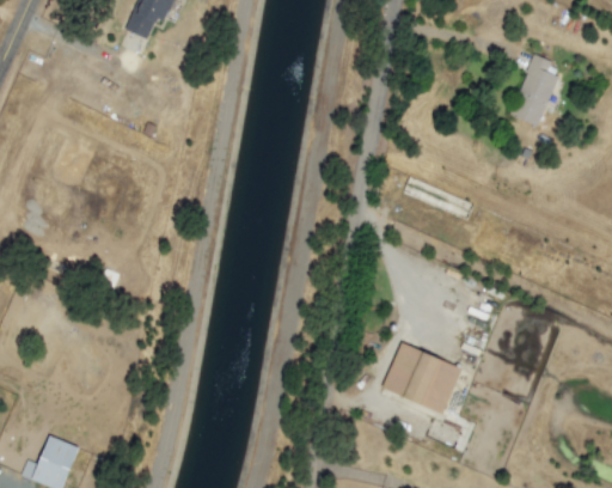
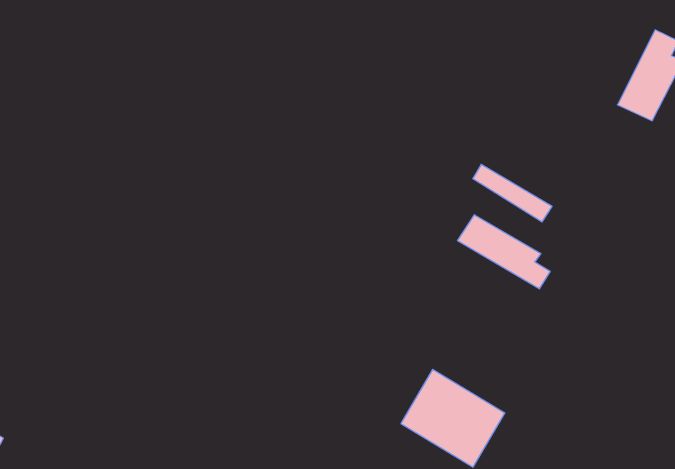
building: none -> [458,215,550,289]

